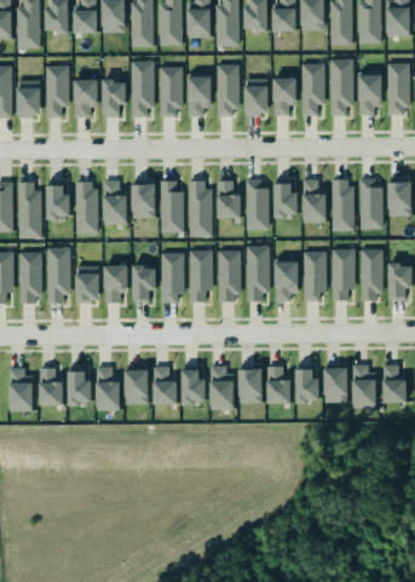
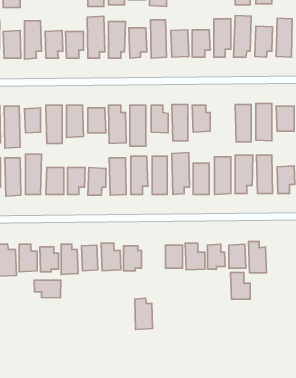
building: [302,178,325,223] -> none
building: [379,365,405,402] -> [231,273,250,299]
building: [208,368,232,410] -> [135,298,153,329]
building: none -> [34,280,61,298]

